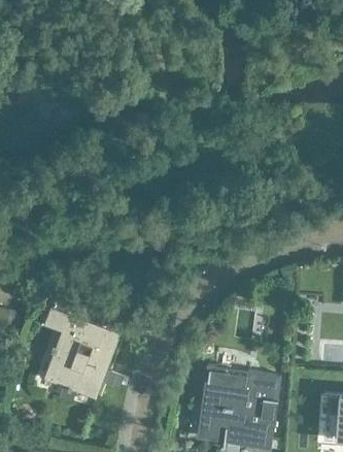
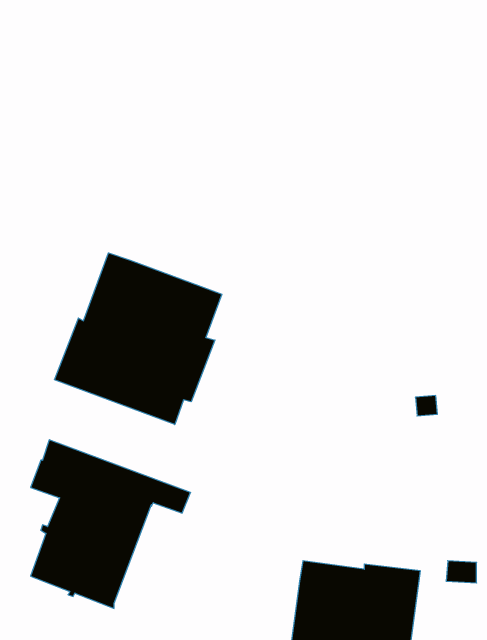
building: none -> [54,253,222,425]

